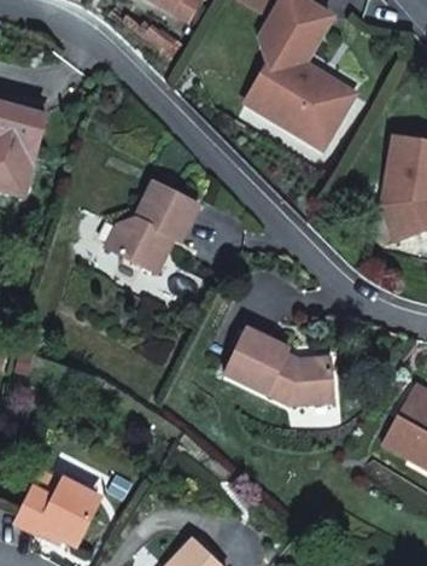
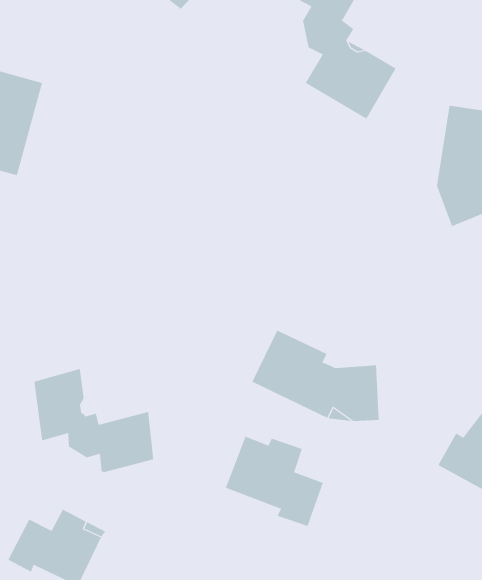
building: [105,180,199,270] -> none
building: none -> [34,368,154,473]
building: none -> [225,436,324,527]

